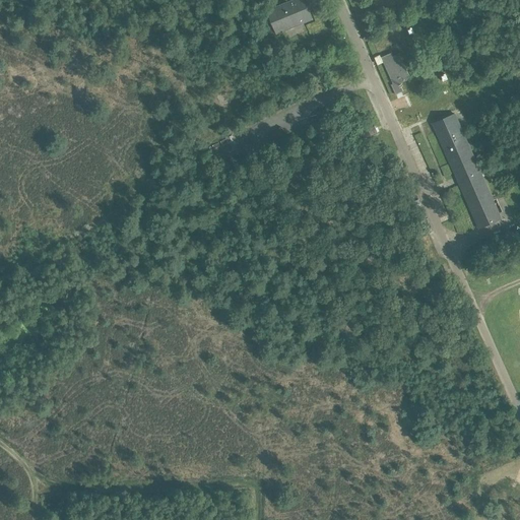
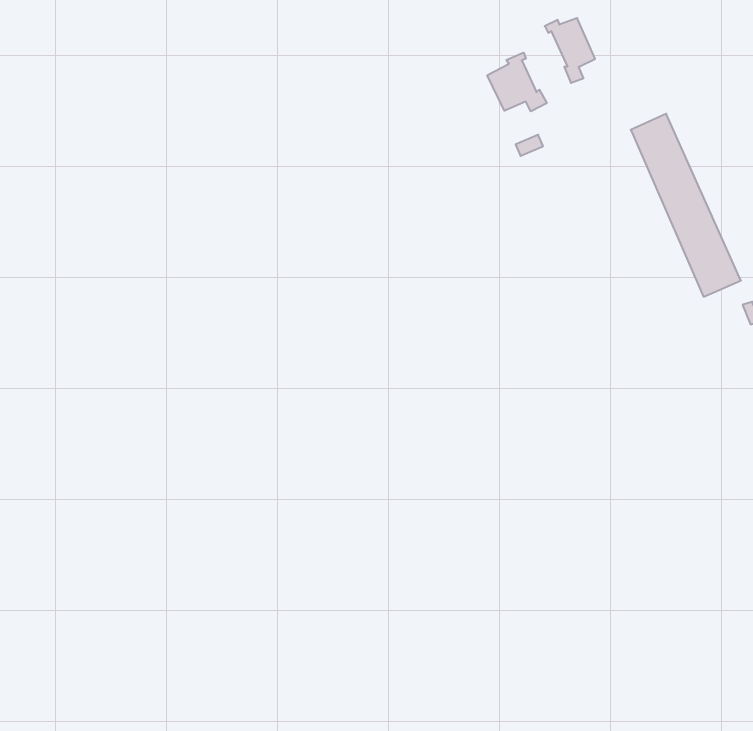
building: none -> [487,53,547,111]

